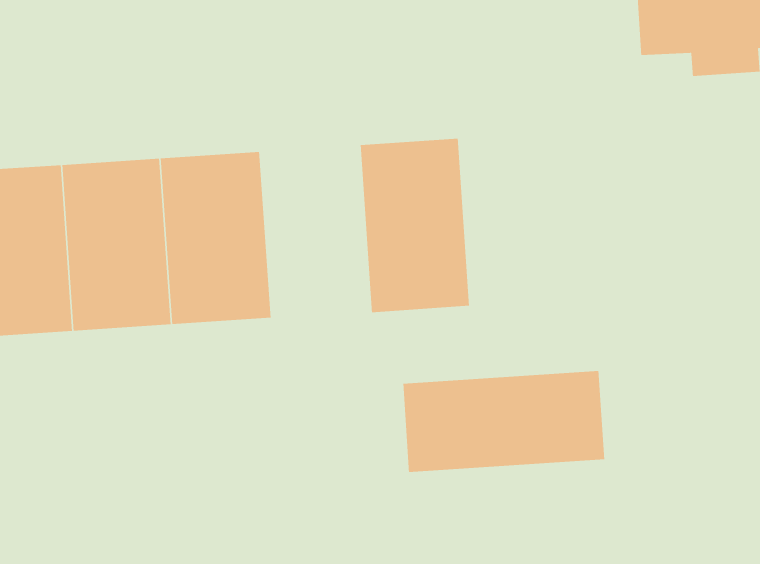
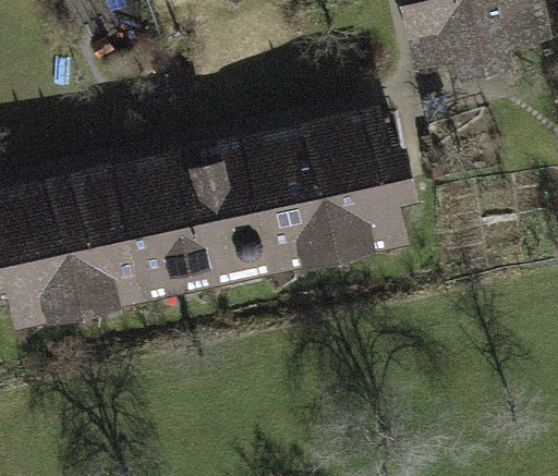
building: none -> [316,121,413,245]
building: none -> [186,149,276,272]
building: [402,370,605,473] -> none

